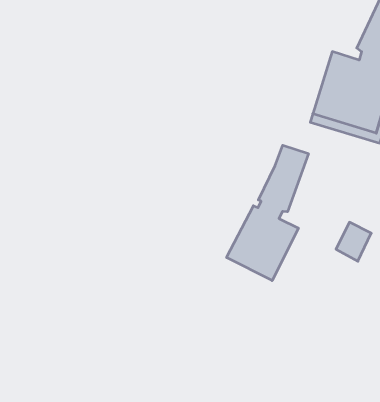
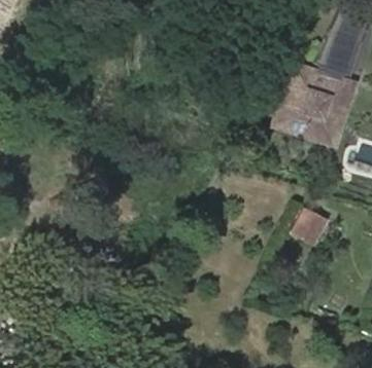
building: [227,145,308,281] -> none

